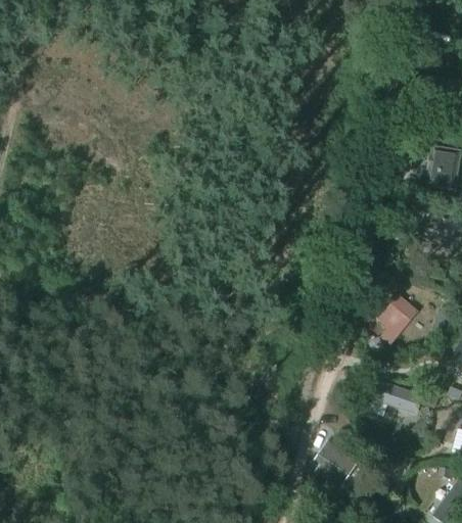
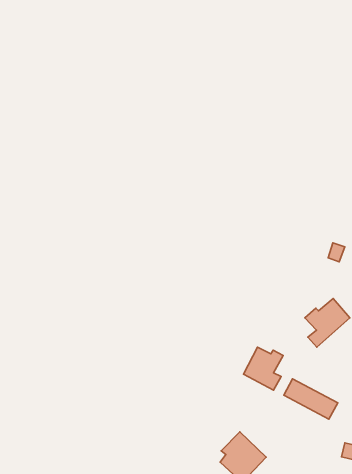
building: none -> [244,347,283,390]

